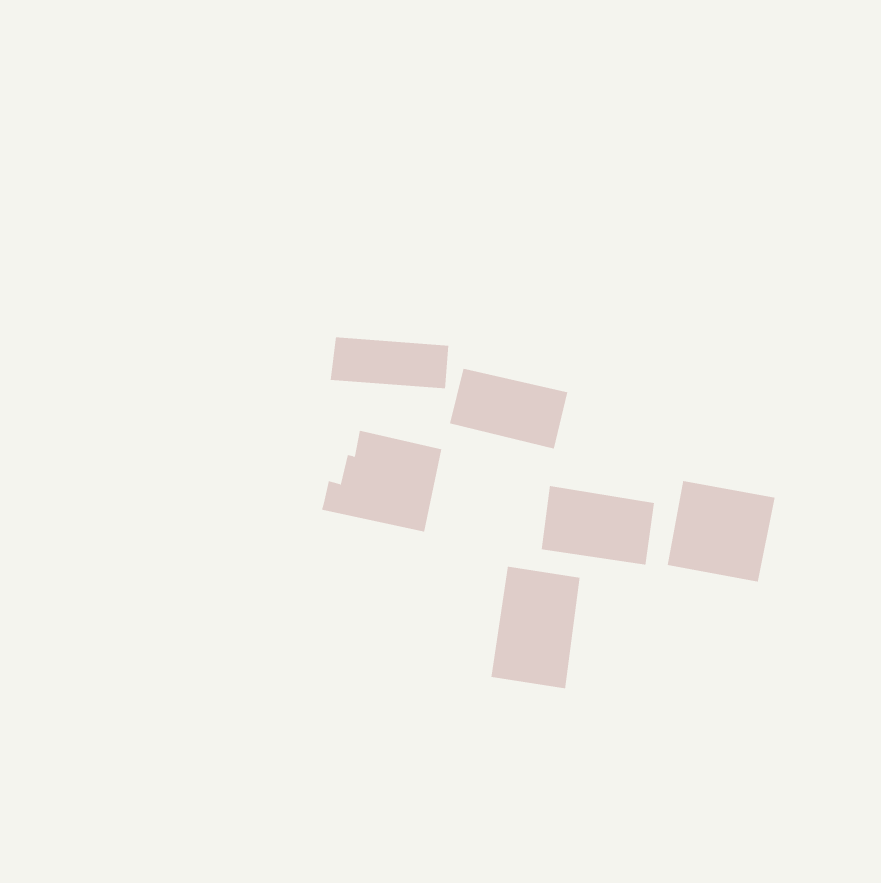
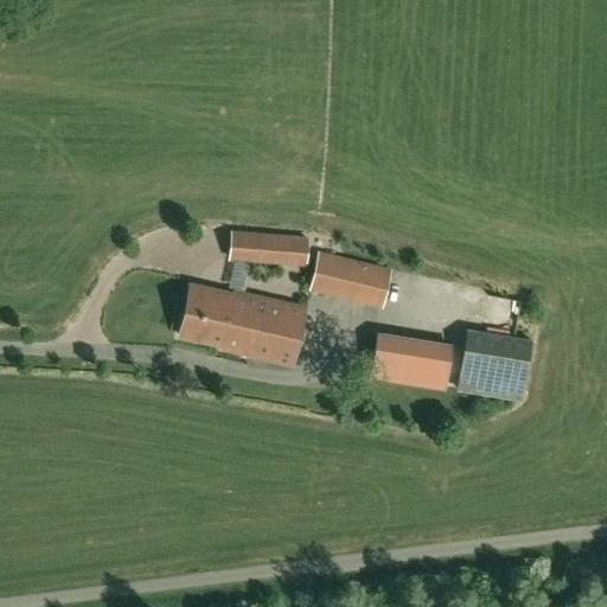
building: none -> [179,287,248,345]
building: [491,566,580,689] -> none

